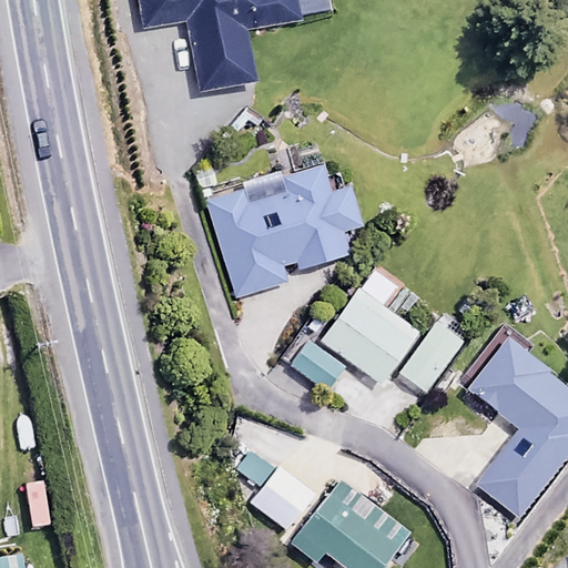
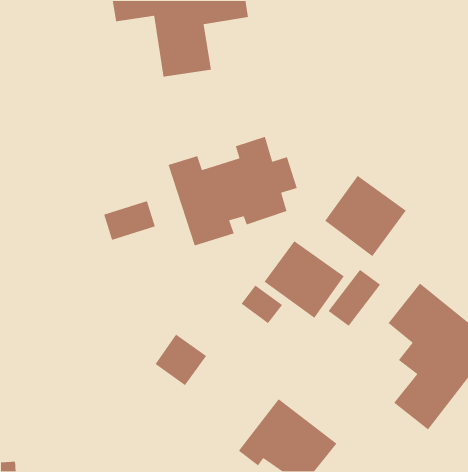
building: none -> [324,175,407,257]
building: none -> [103,200,156,241]
building: [251,464,314,527] -> [154,334,207,386]

